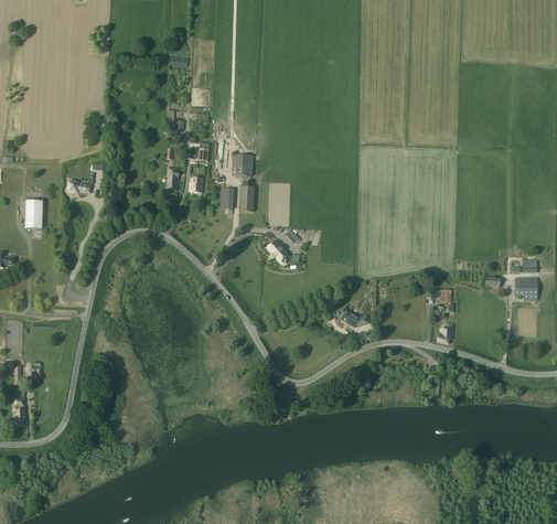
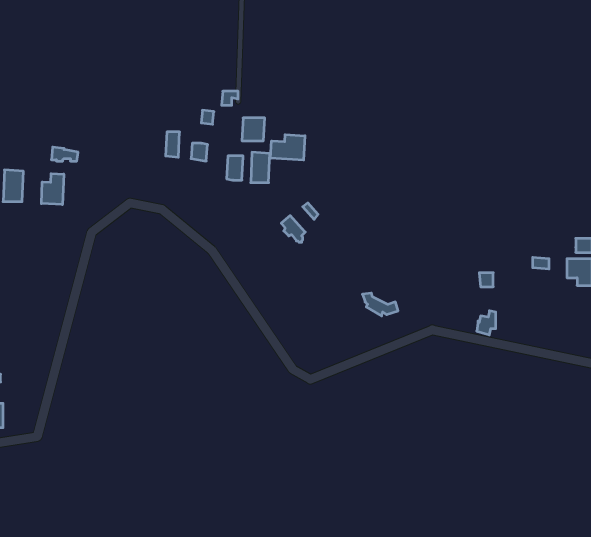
building: none -> [271,135,305,160]
building: none -> [41,174,64,205]

